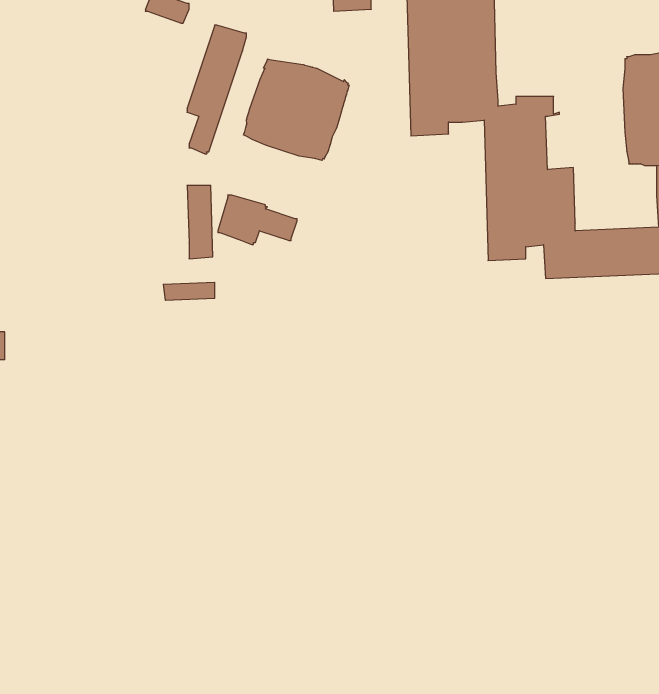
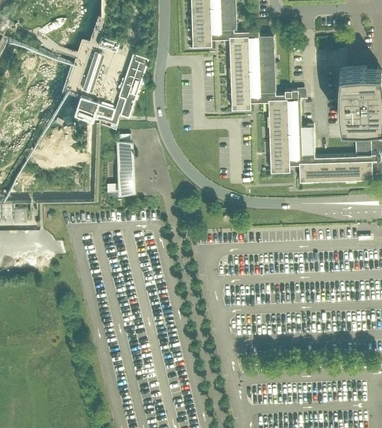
building: [244,59,349,160] -> none
building: [218,195,297,245] -> [74,99,114,124]

